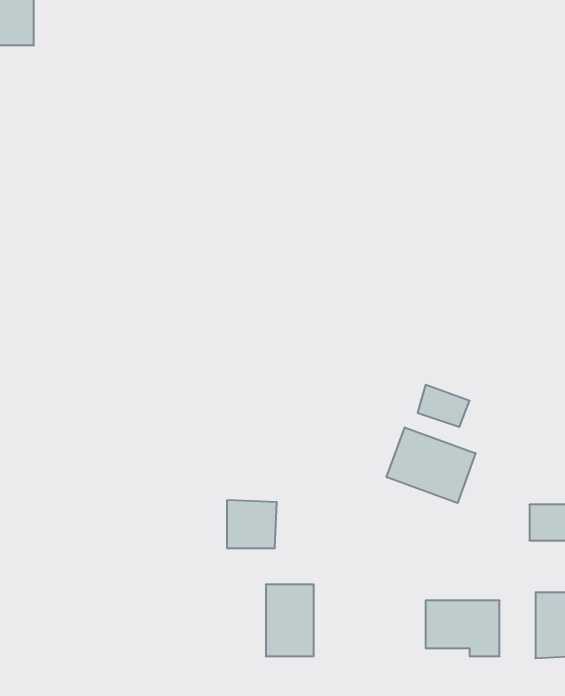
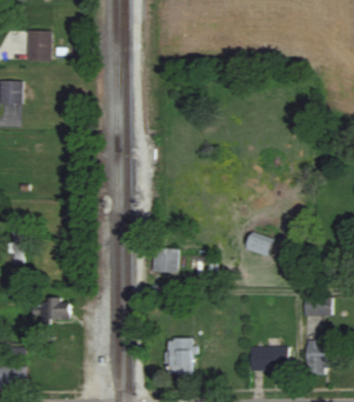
building: [387,427,476,503] -> none
building: [227,500,277,548] -> [153,247,179,272]
building: none -> [47,296,69,320]

